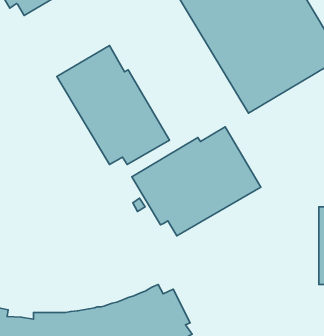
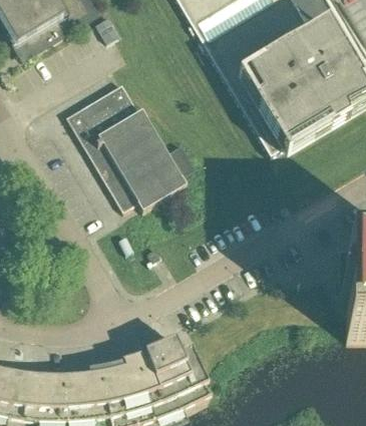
building: [132,127,261,236] -> none

